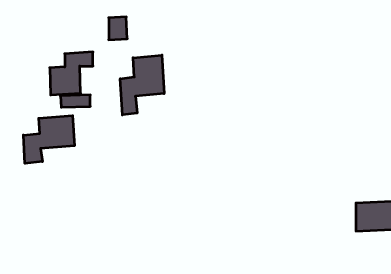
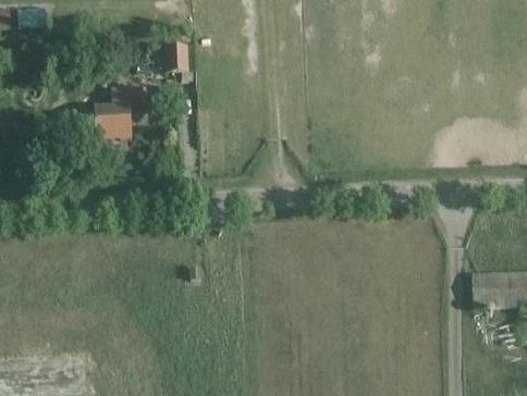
building: [120,55,164,115] -> none
building: [23,116,74,163] -> none

